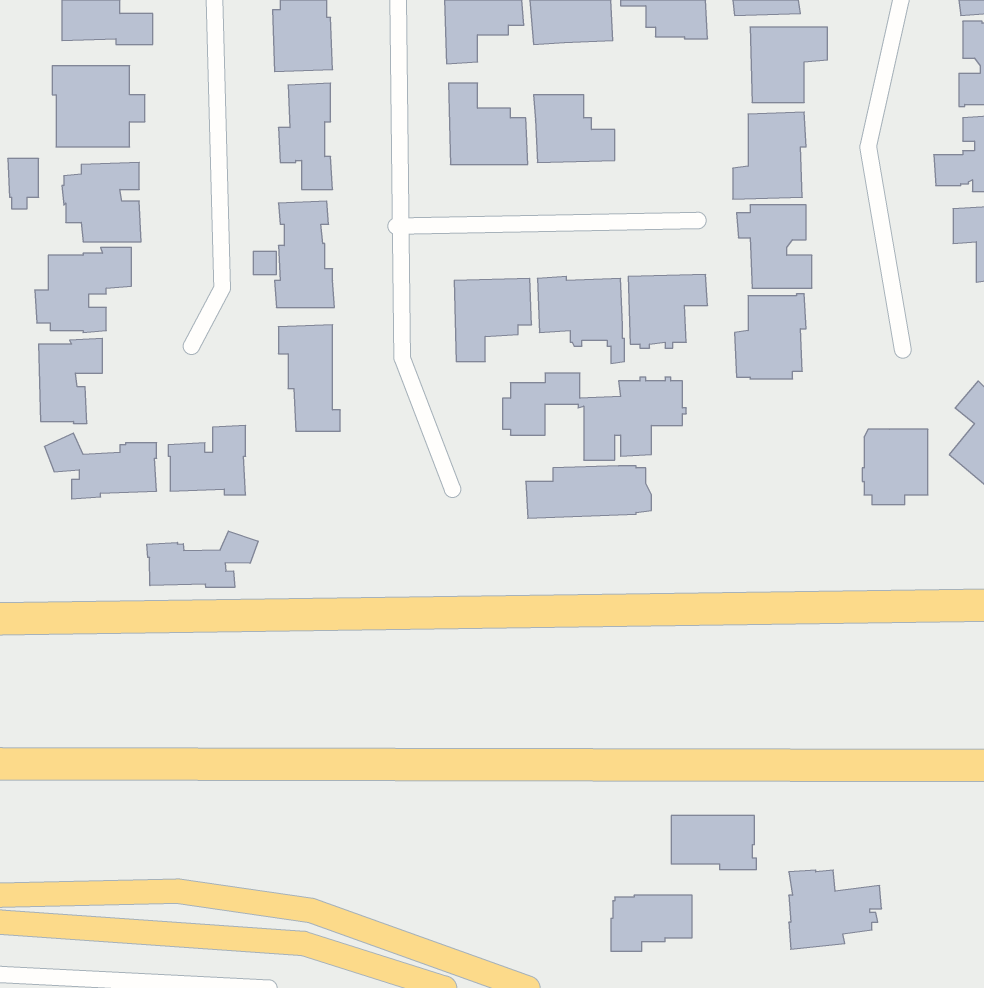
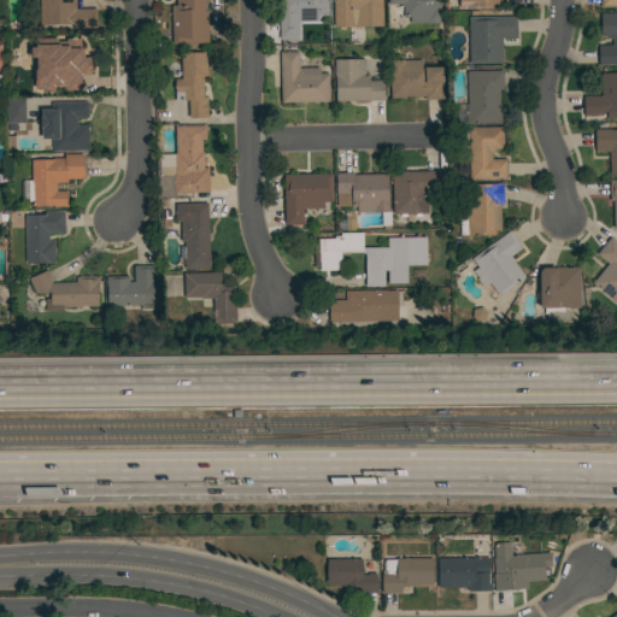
building: none -> [390,59,446,100]
building: none -> [474,230,527,296]
building: none -> [186,272,237,324]
building: [147,531,258,587] -> none
building: [671,816,756,870] -> [439,558,492,592]
building: none -> [327,559,380,593]

